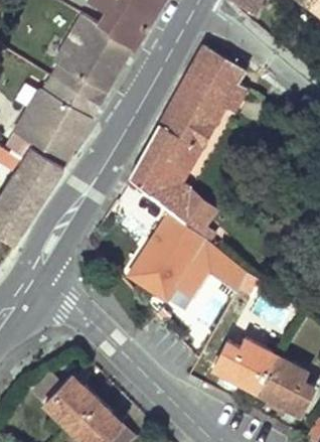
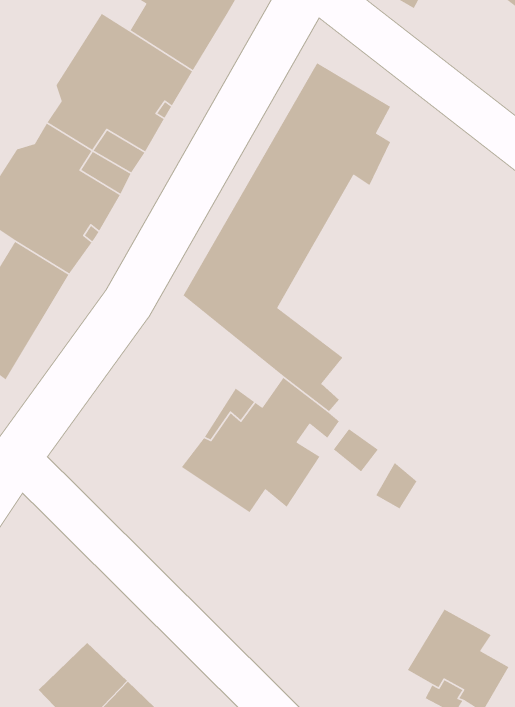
building: [212,338,276,391] -> none

